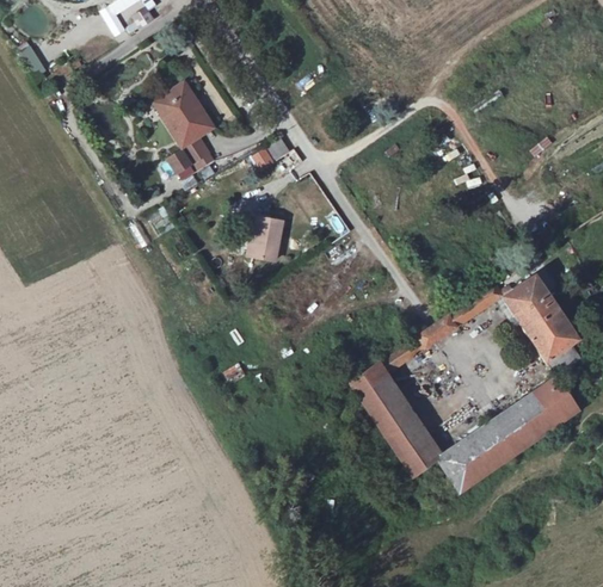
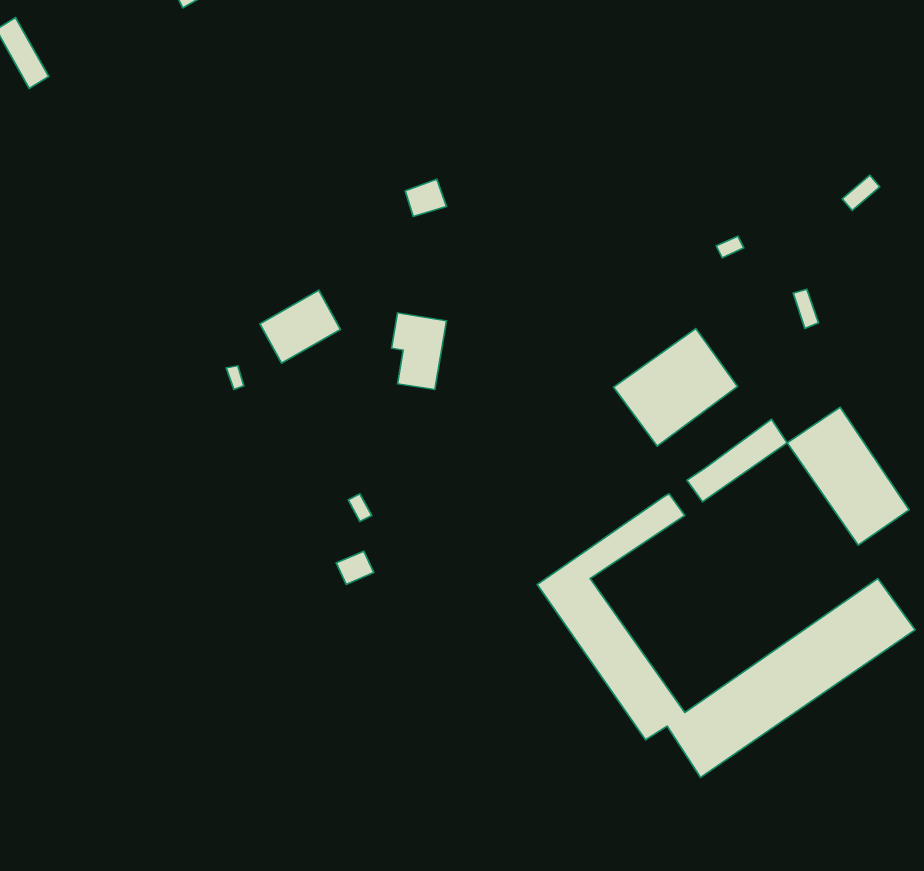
building: [166,82,211,141] -> none
building: [170,136,219,180] -> [260,290,341,363]
building: none -> [614,329,737,446]

